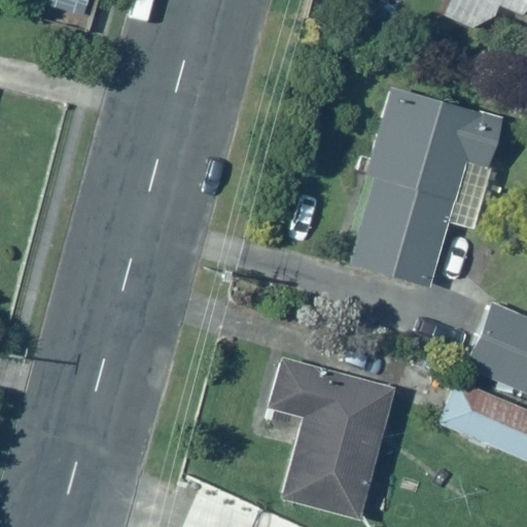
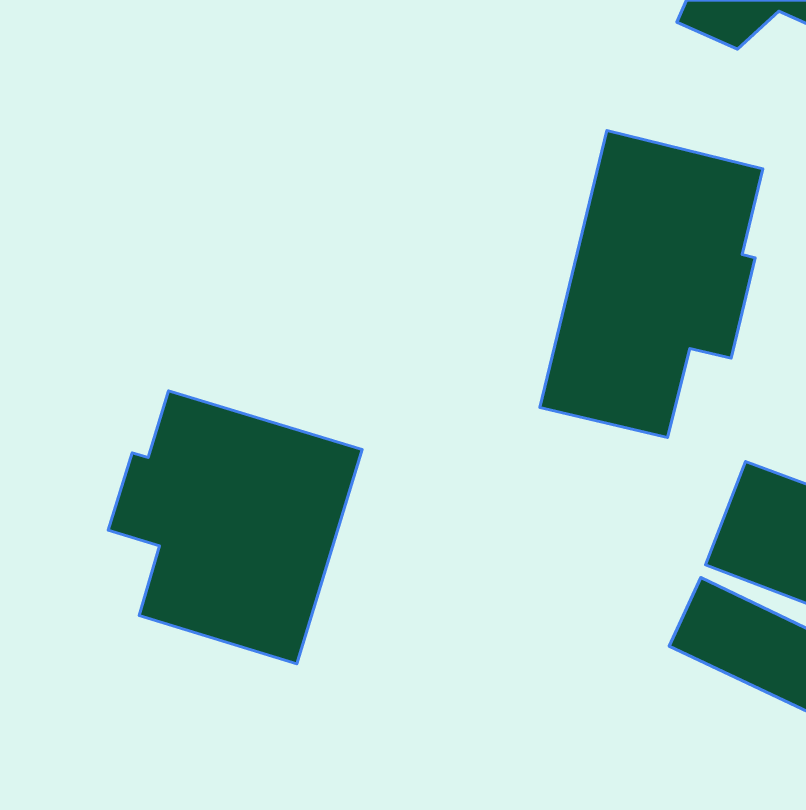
building: none -> [108,391,362,664]
building: [265,355,390,519] -> none

